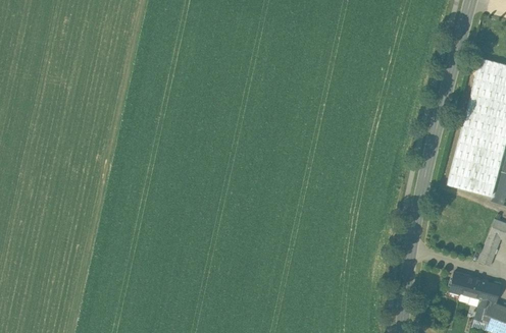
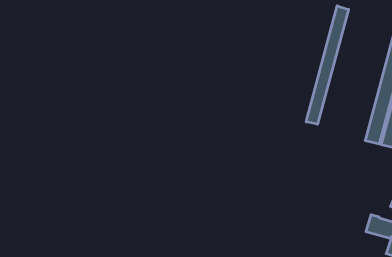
building: none -> [306,6,349,124]

